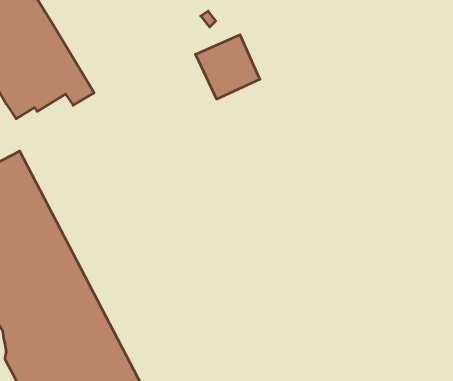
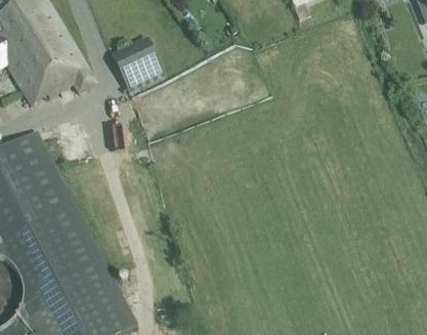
building: [195,35,260,99] -> [112,37,165,90]

